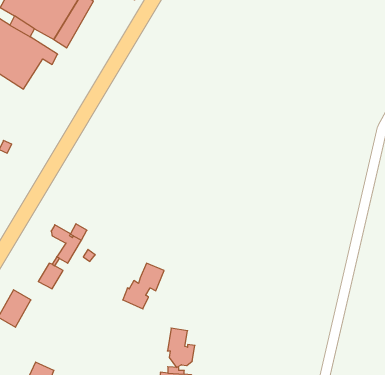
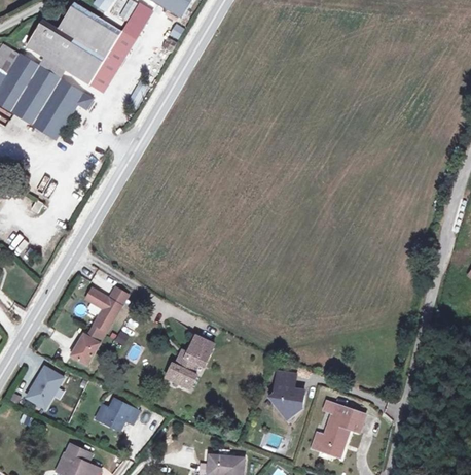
building: none -> [95,400,137,431]
building: none -> [314,400,367,456]
building: [167,328,195,367] -> [277,371,307,415]

